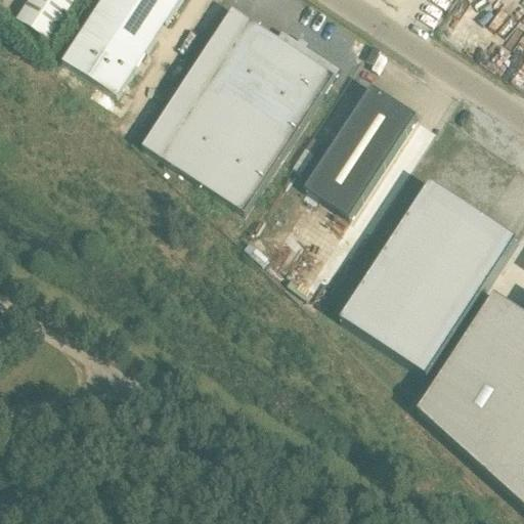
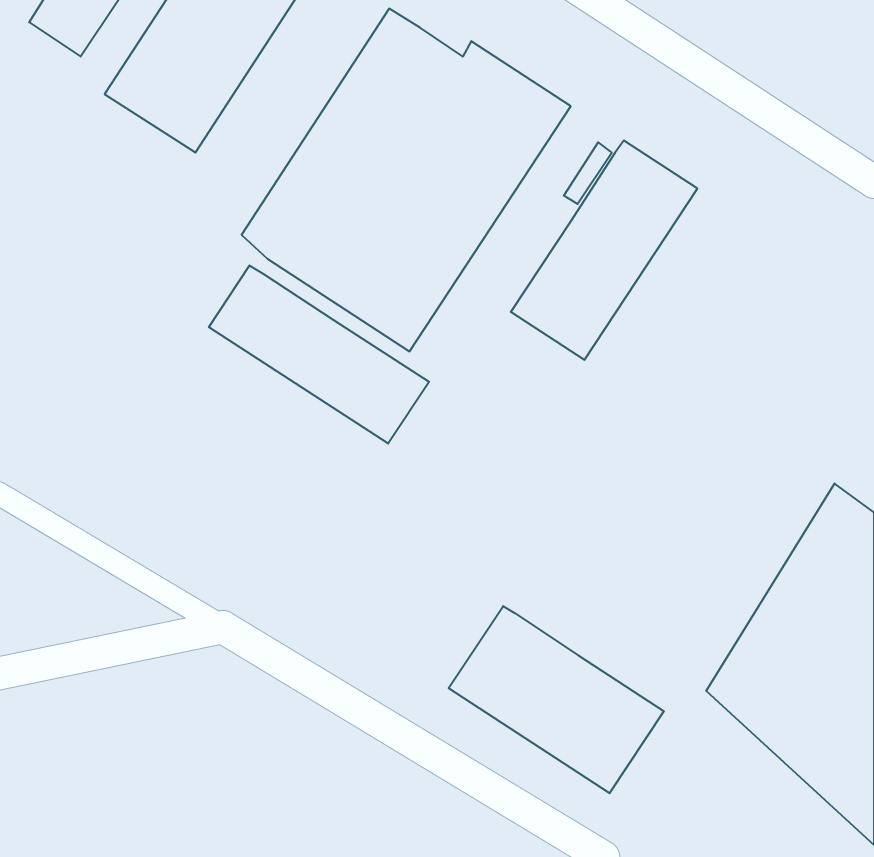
building: none -> [209,265,429,444]
building: [340,179,517,374] -> none
building: none -> [449,606,664,793]

